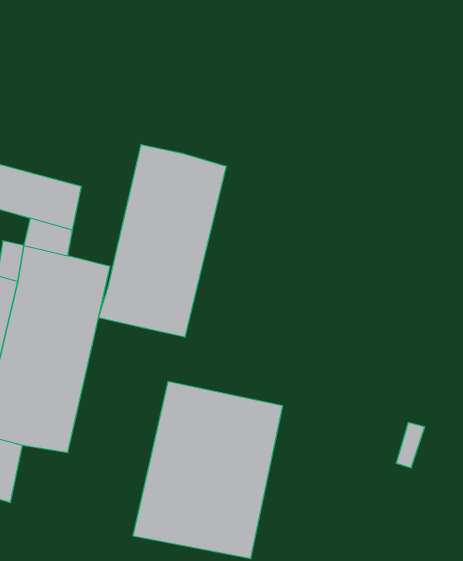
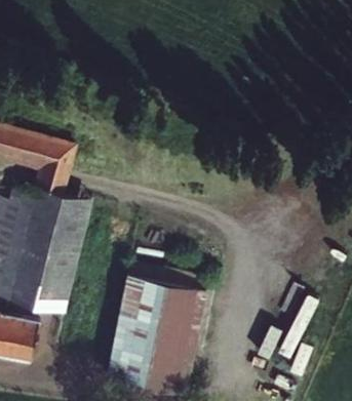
building: [99,144,226,337] -> none

